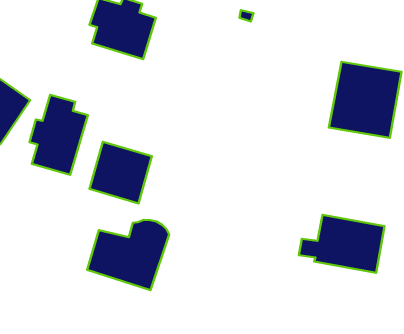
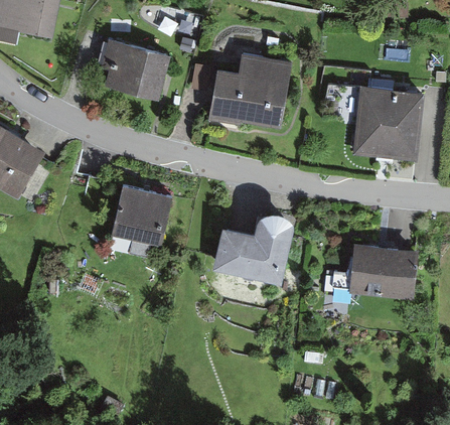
building: none -> [207,54,291,129]
building: [30,95,88,175] -> none
building: [87,220,169,290] -> [212,214,294,285]

